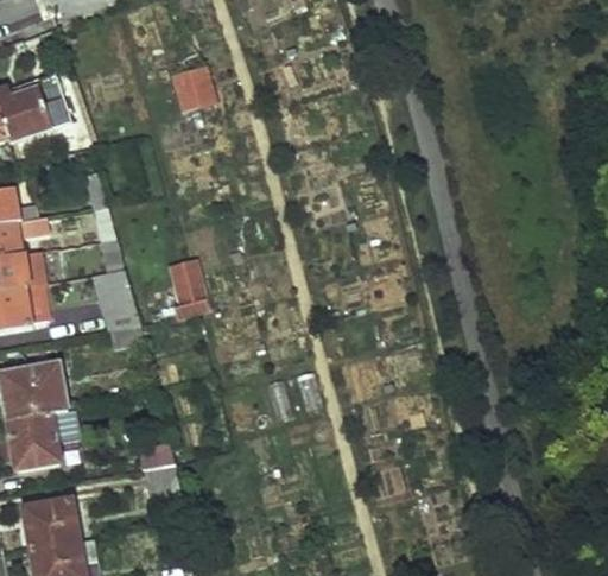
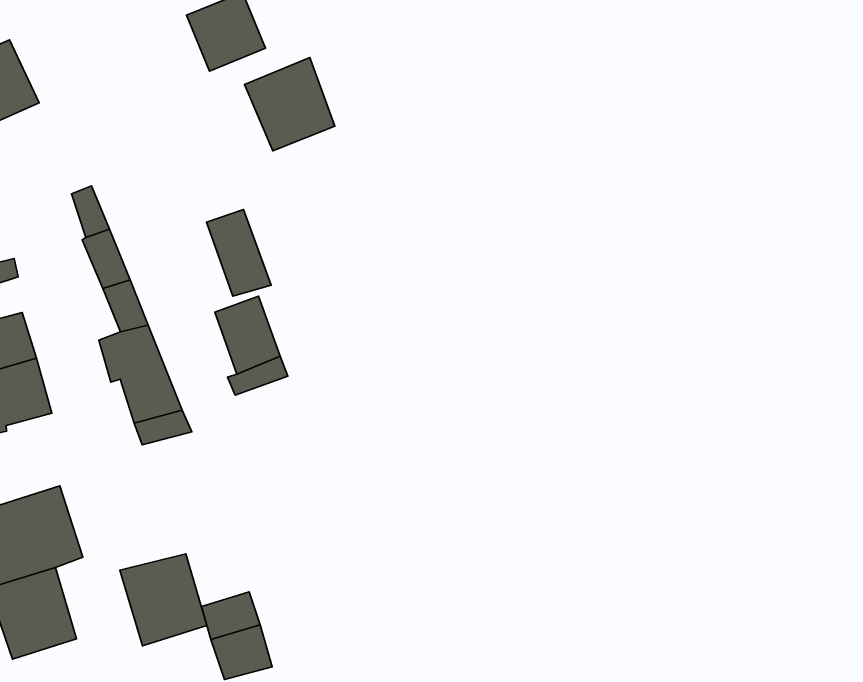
building: none -> [244,57,335,151]
building: none -> [206,209,271,296]
building: none -> [120,554,207,646]

